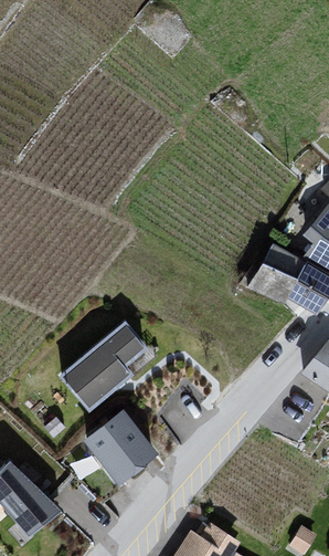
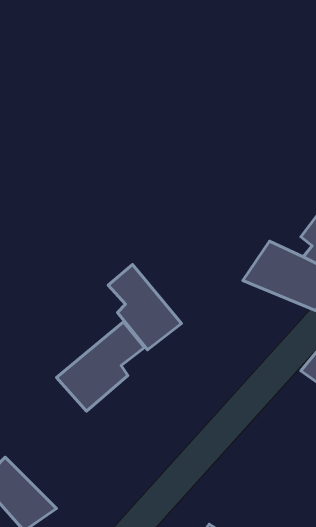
building: none -> [108,265,181,350]
building: [84,409,157,486] -> none

